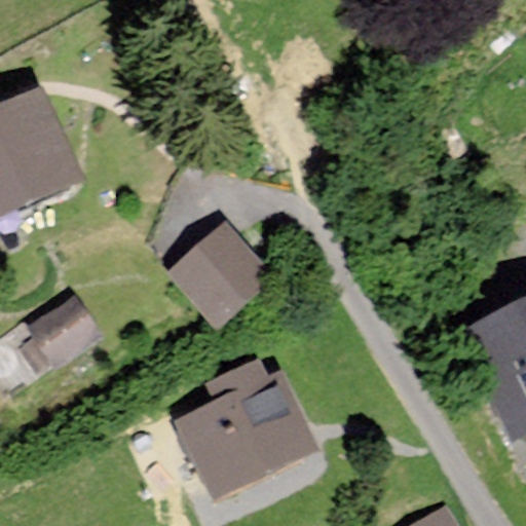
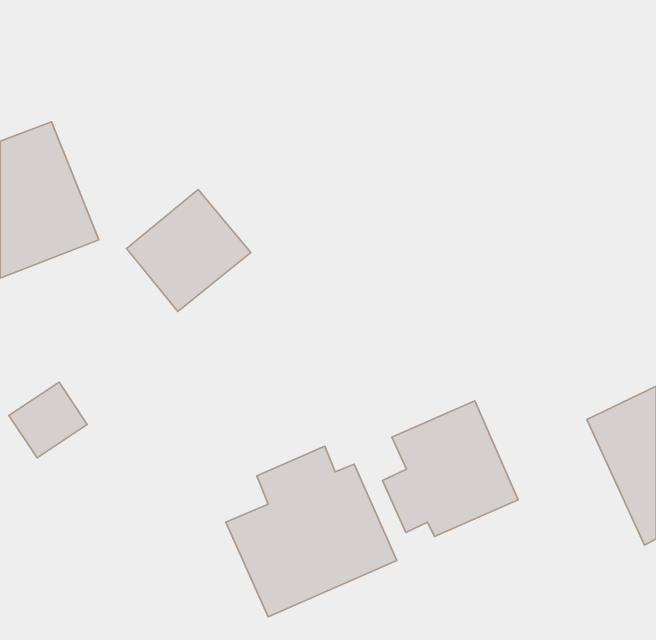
building: [176,224,275,322] -> [126,190,251,311]
building: none -> [383,401,518,537]

